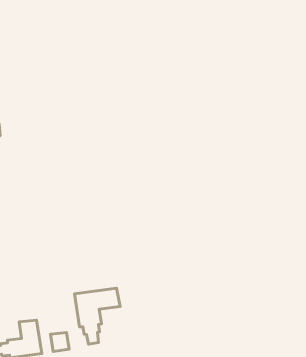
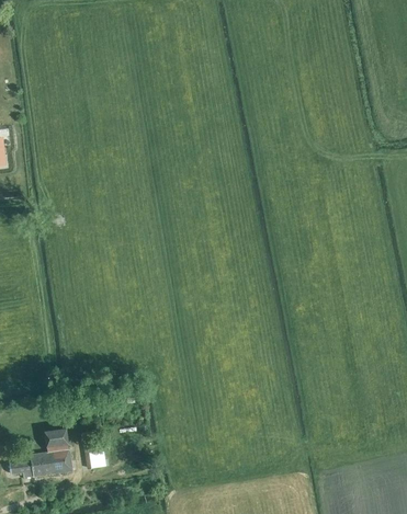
building: [75,288,120,344] -> none

